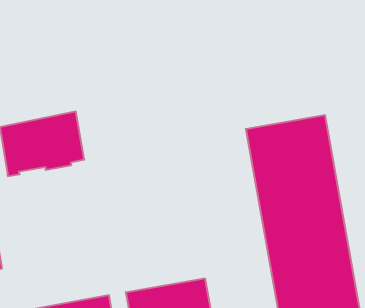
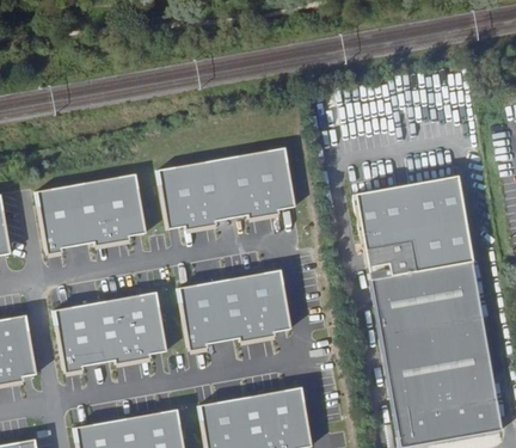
building: none -> [158,143,297,231]
building: none -> [179,268,293,349]
building: none -> [54,290,167,372]

